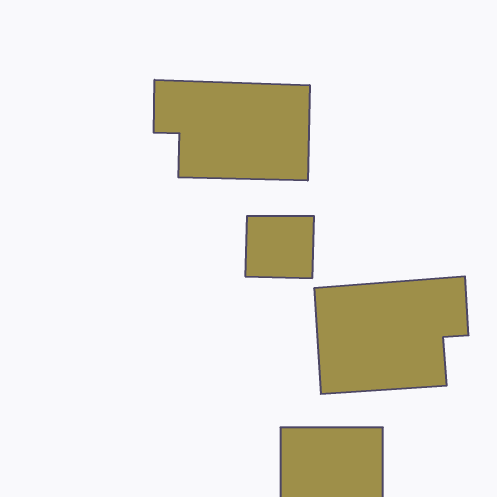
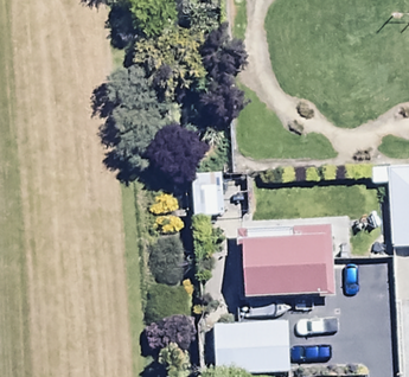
building: [154,80,310,181] -> none

